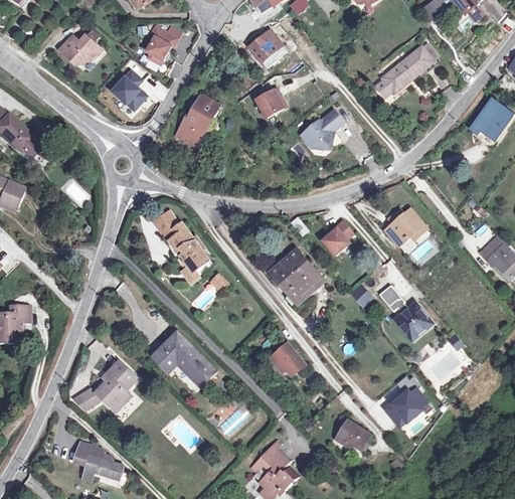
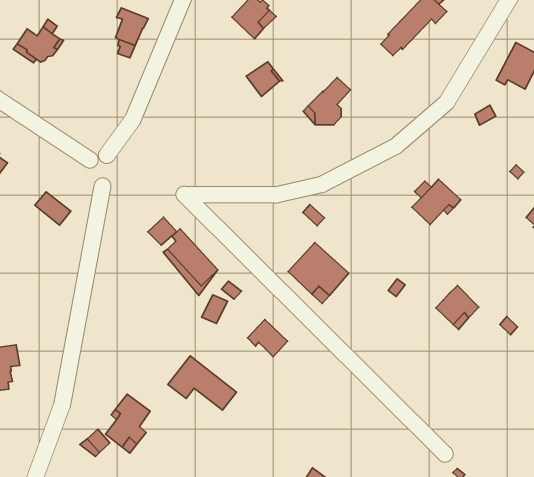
building: [112,67,146,108] -> none
building: [181,95,218,146] -> none
building: [322,220,353,255] -> none
building: [378,285,407,313] -> none
building: [271,343,305,376] -> [247,319,287,357]
building: [383,374,426,426] -> none
building: [336,421,371,450] -> none

